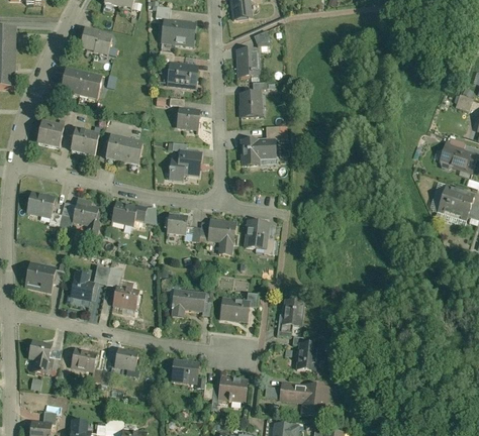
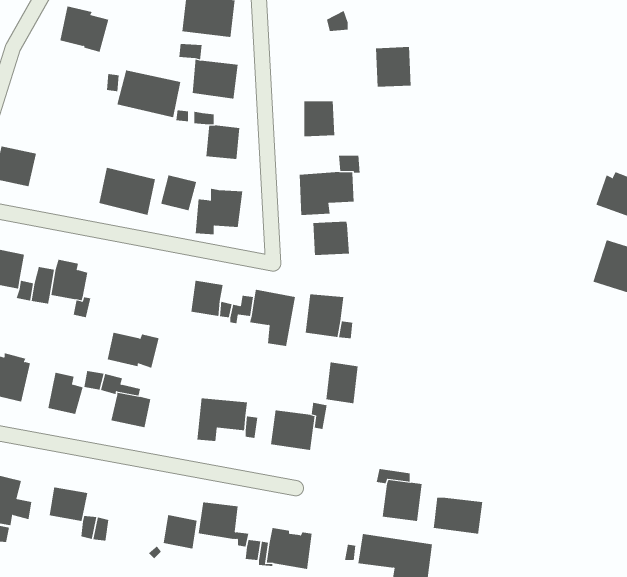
building: [238,47,263,75] -> [375,47,411,87]
building: [58,69,101,101] -> [117,70,181,118]
building: [69,127,99,156] -> none
building: none -> [160,175,197,211]
building: none -> [313,221,349,256]
building: [110,201,146,225] -> [107,332,160,368]
building: [281,299,303,327] -> [325,362,359,404]
building: [114,346,137,369] -> [163,515,198,549]
building: none -> [433,497,483,534]

